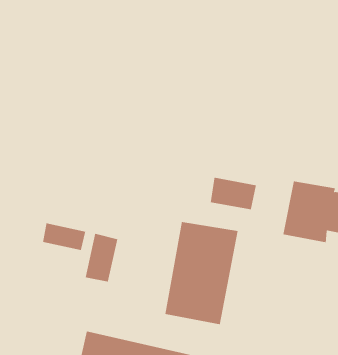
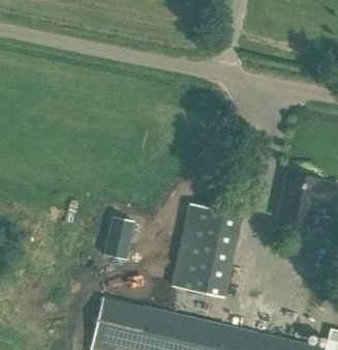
building: [210,177,256,210] -> none
building: [42,223,86,251] -> none

